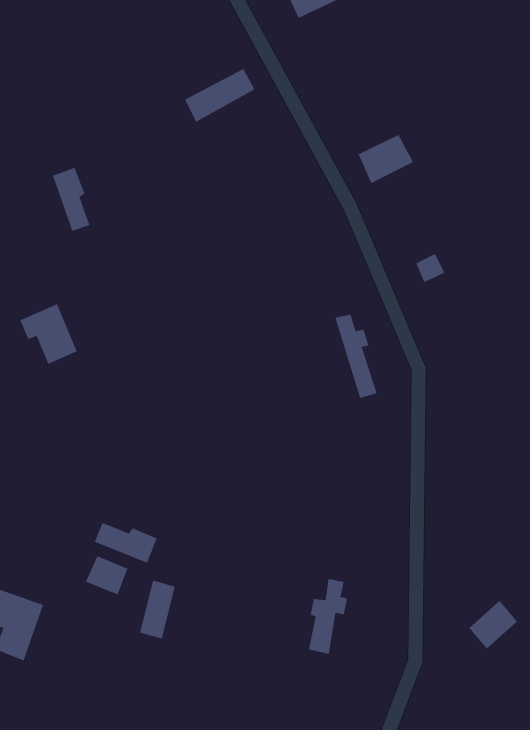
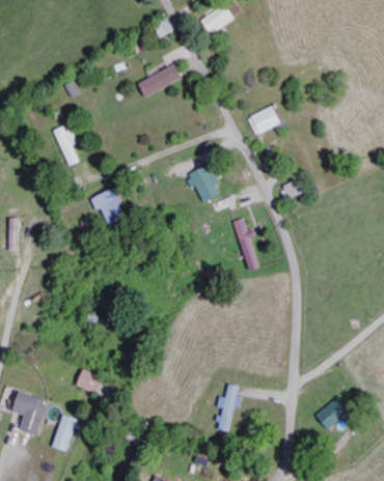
building: none -> [187,163,220,203]
building: [20,304,77,365] -> [90,188,127,226]
building: [94,522,157,563] -> none
building: [139,580,176,639] -> [52,414,75,451]

